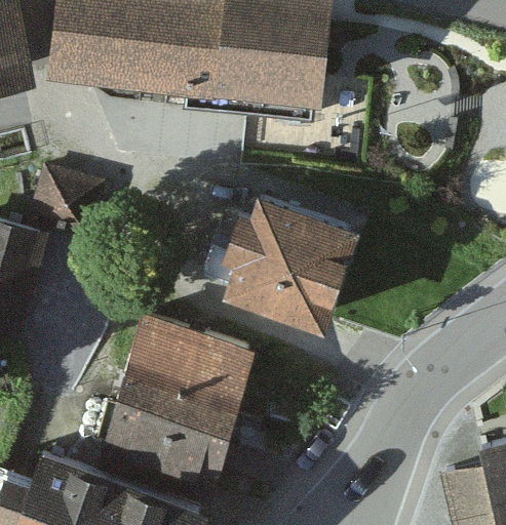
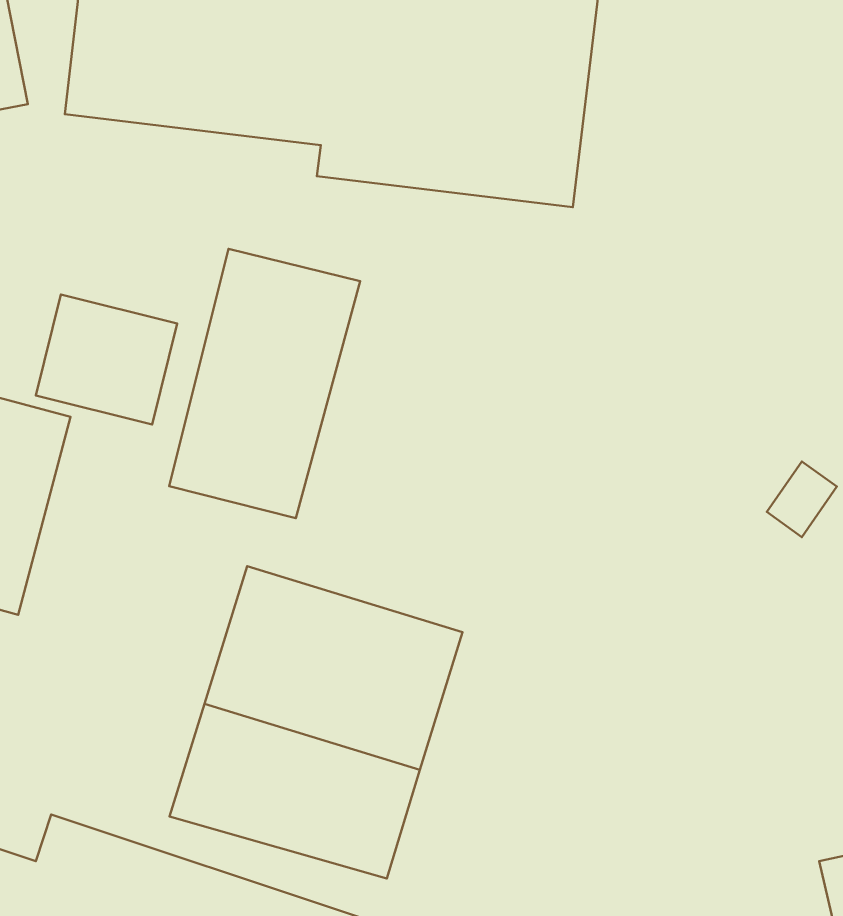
building: none -> [169,249,360,518]
building: [222,189,362,317] -> none

